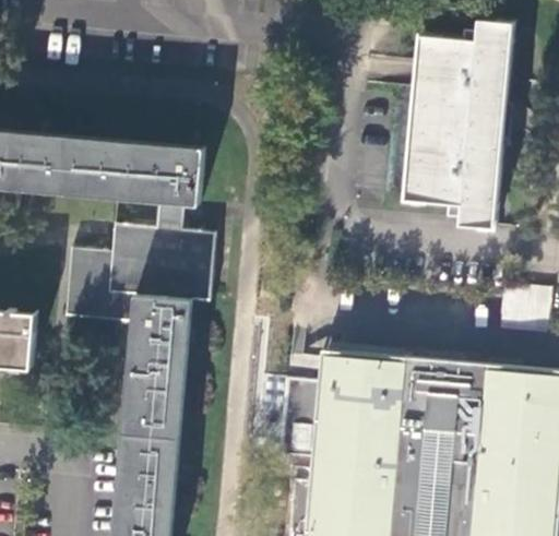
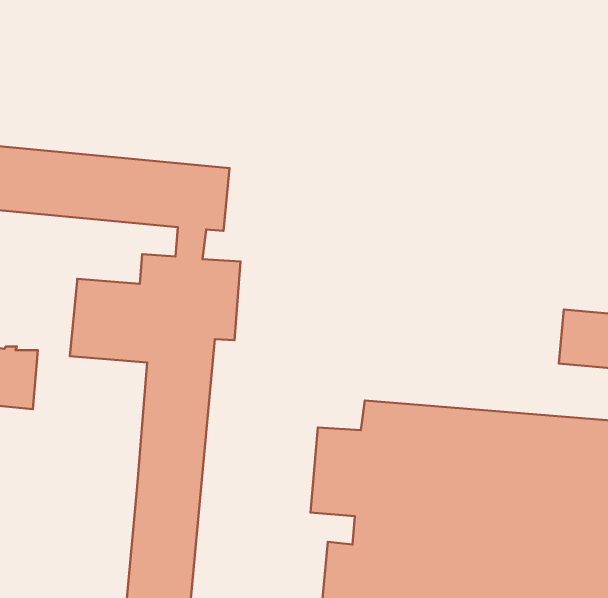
building: [405,19,511,226] -> none

